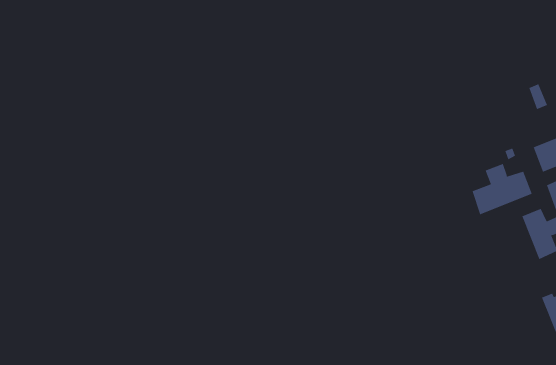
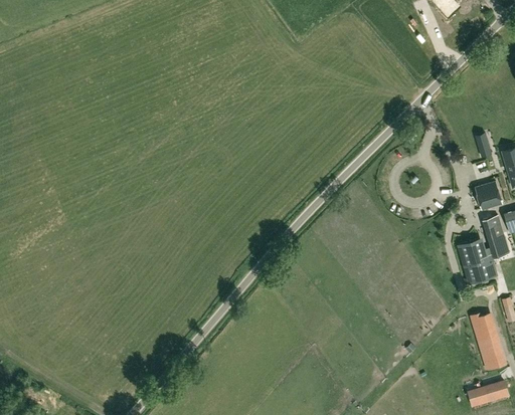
building: [472,163,533,215] -> none

